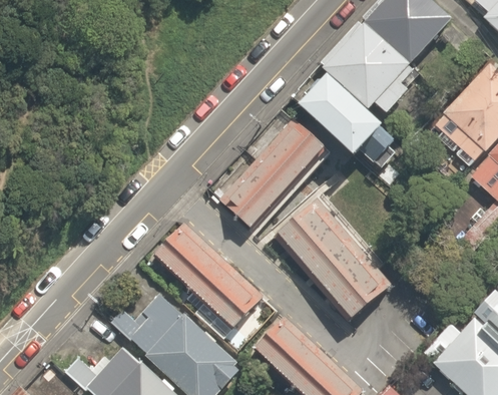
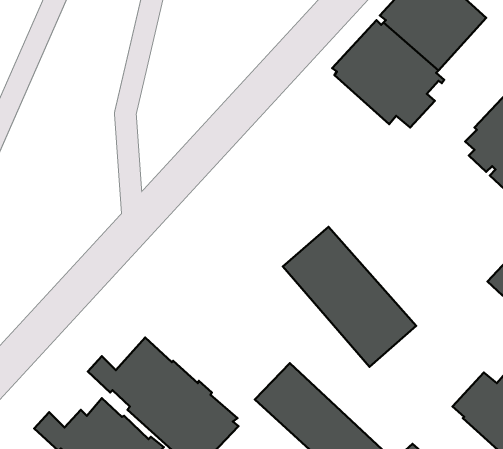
building: [299,76,397,170] -> none
building: [219,118,327,230] -> none
building: [155,224,265,329] -> none

